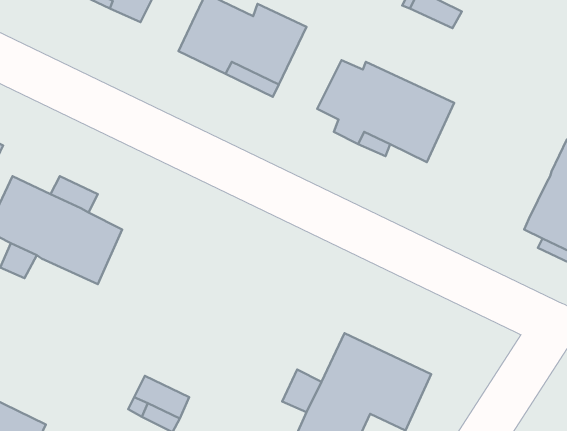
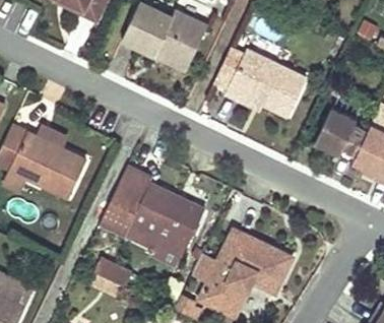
building: none -> [314,106,368,153]
building: none -> [99,167,204,267]

